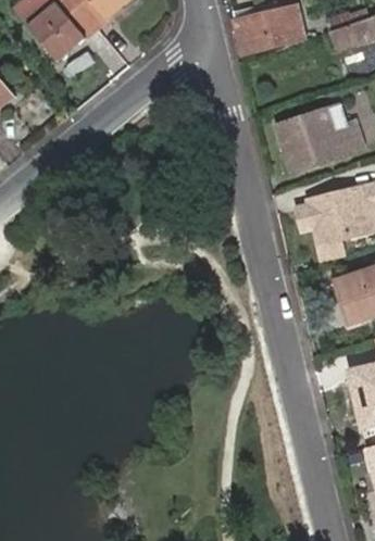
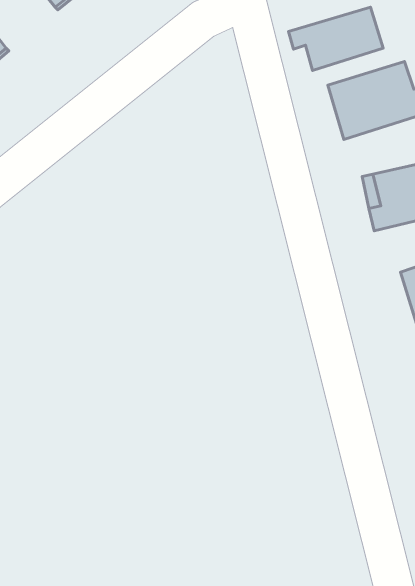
building: none -> [288,7,383,70]

